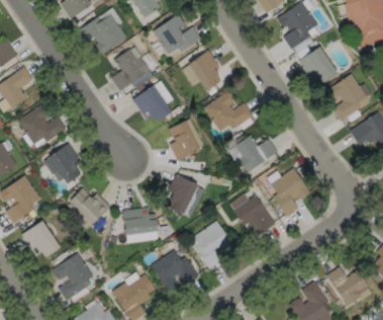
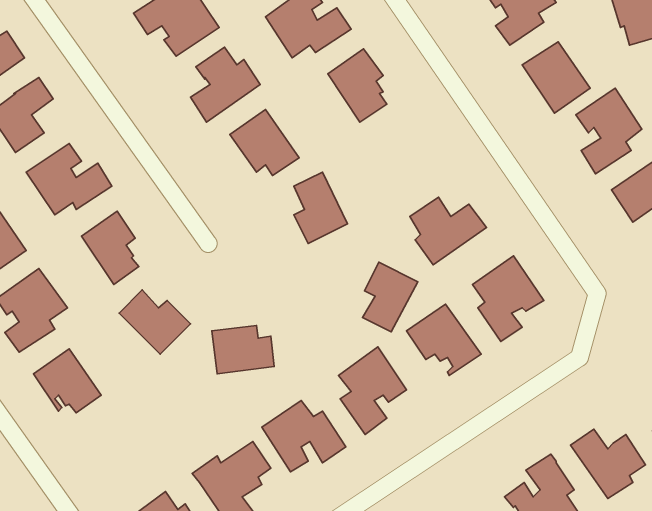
building: [203,91,253,132] -> none
building: [167,174,198,214] -> [363,262,418,332]
building: [53,253,93,301] -> none

